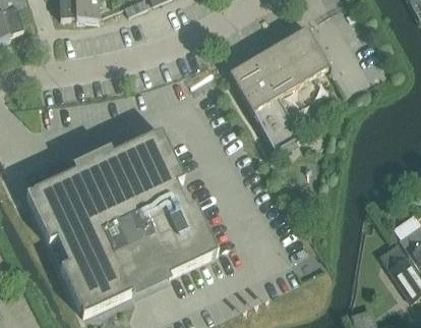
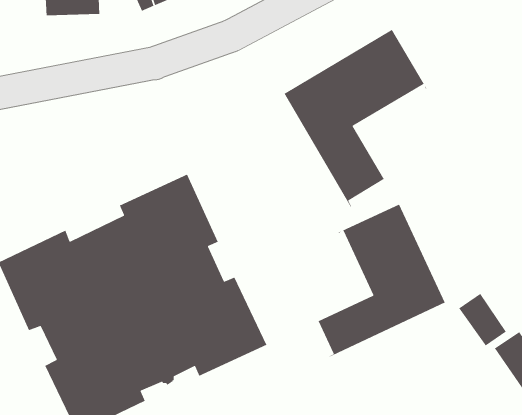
building: none -> [318,203,446,358]
building: none -> [458,293,507,346]

